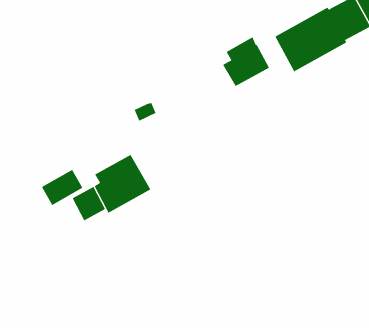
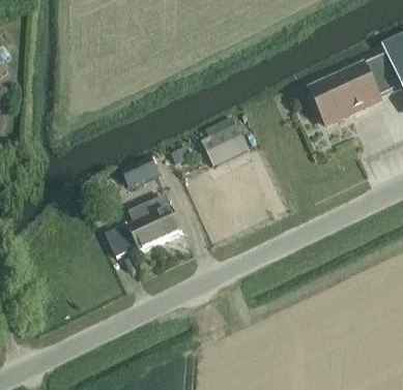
building: [222,36,270,87] -> [201,114,247,161]
building: [41,169,83,206] -> [120,152,161,186]

